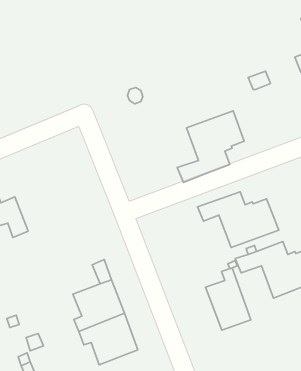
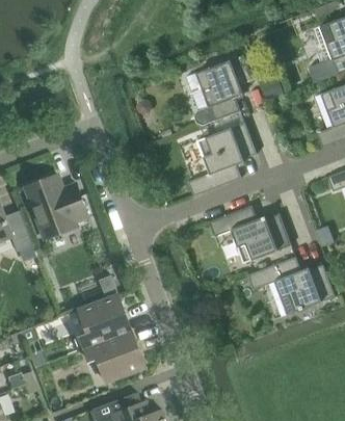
building: none -> [192,55,251,125]
building: none -> [24,176,88,240]
building: [205,268,251,330] -> none

